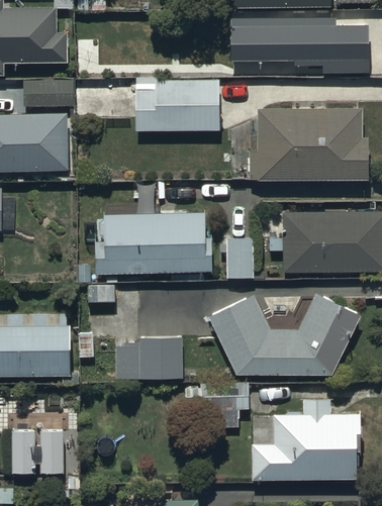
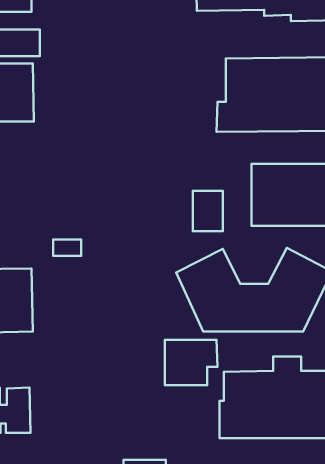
building: [134,78,219,131] -> none
building: [94,213,211,275] -> none
building: [114,338,183,381] -> none

